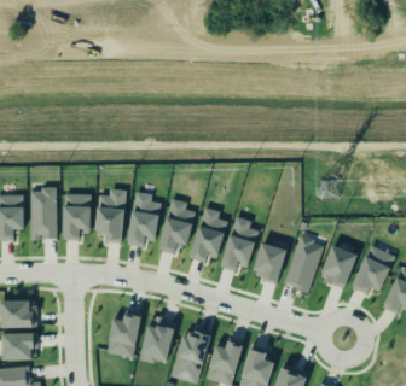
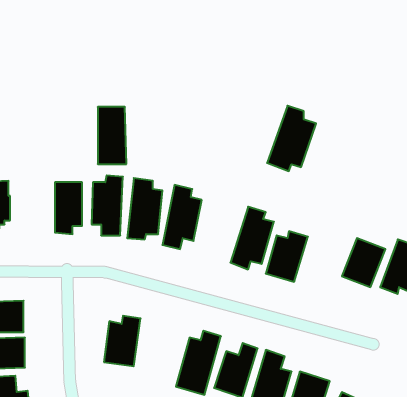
building: [31,189,57,240] -> [98,107,126,164]
building: [186,207,230,265] -> [267,106,316,171]
building: [284,236,323,293] -> none
building: [141,317,175,364] -> none

